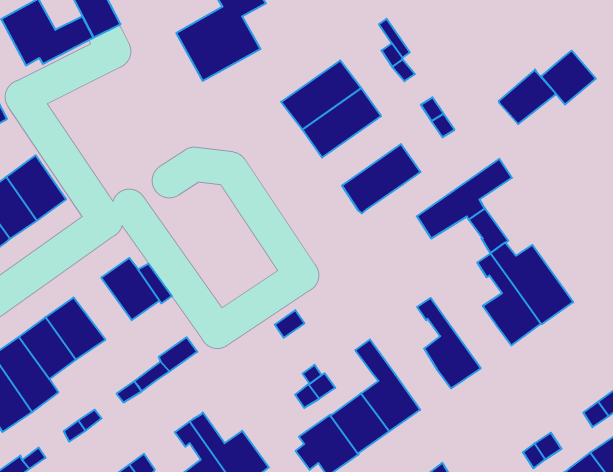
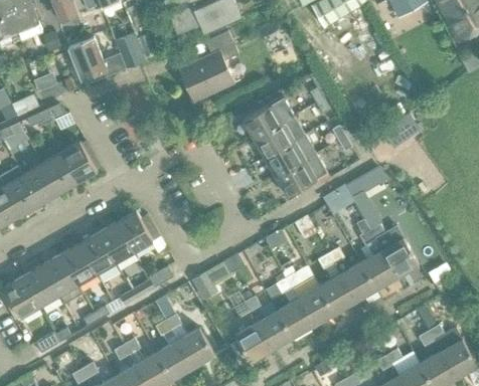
building: [541,51,596,105] -> none
building: none -> [266,135,317,177]
building: none -> [98,222,134,262]
building: none -> [327,248,376,303]
building: none -> [286,265,335,326]
building: none -> [194,264,229,299]

